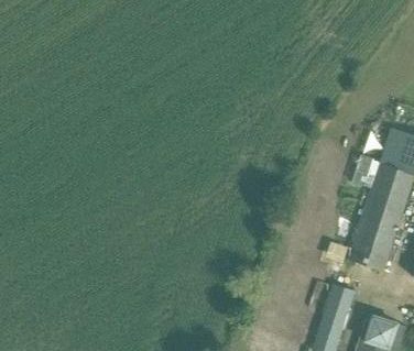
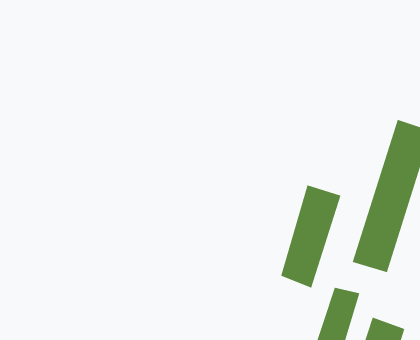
building: none -> [280,185,341,288]

